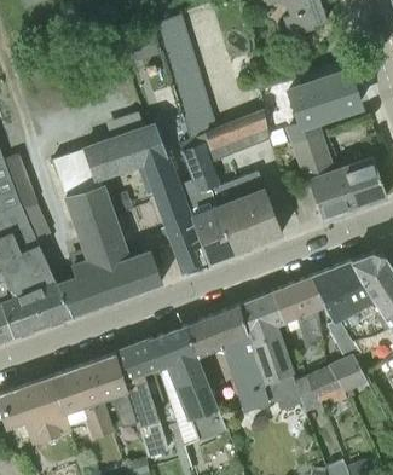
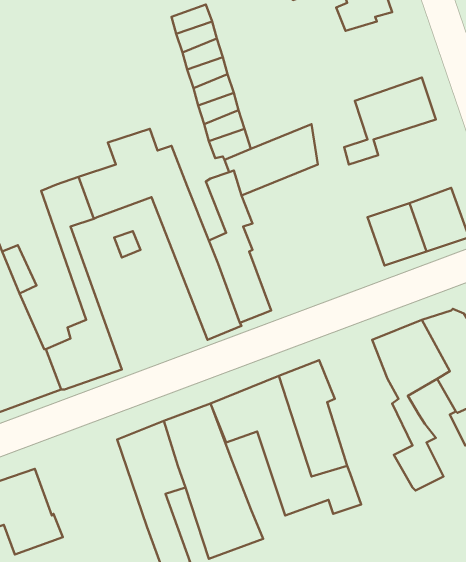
building: [294,133,330,181] -> none
building: [212,172,283,254] -> none
building: [77,181,163,300] -> none
building: [271,277,324,351] -> none
building: [50,354,137,436] -> none
building: [295,366,347,412] -> none

